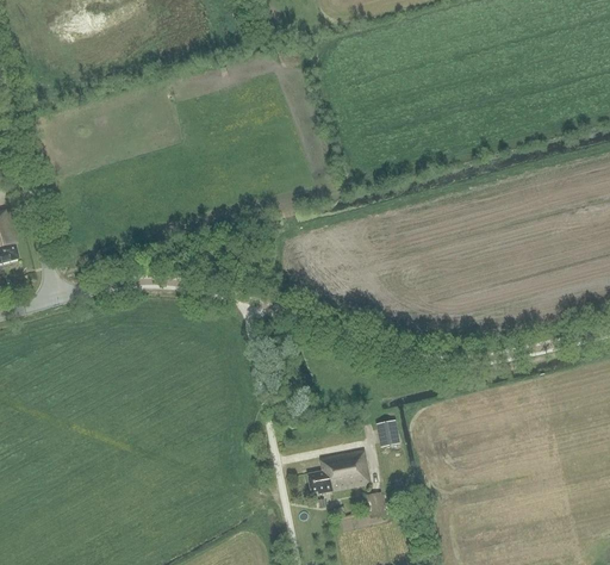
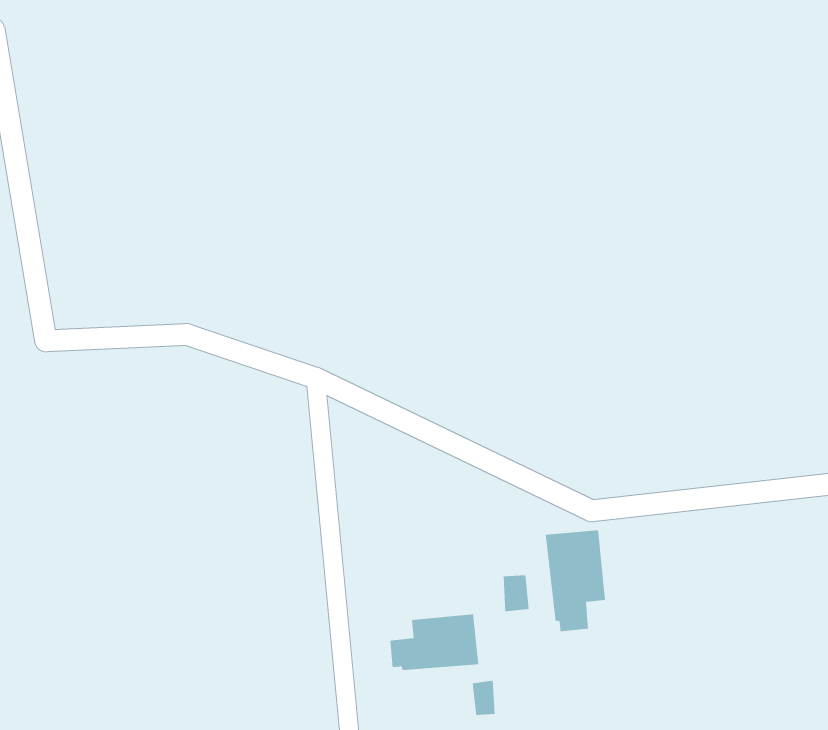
building: none -> [545,529,606,632]

